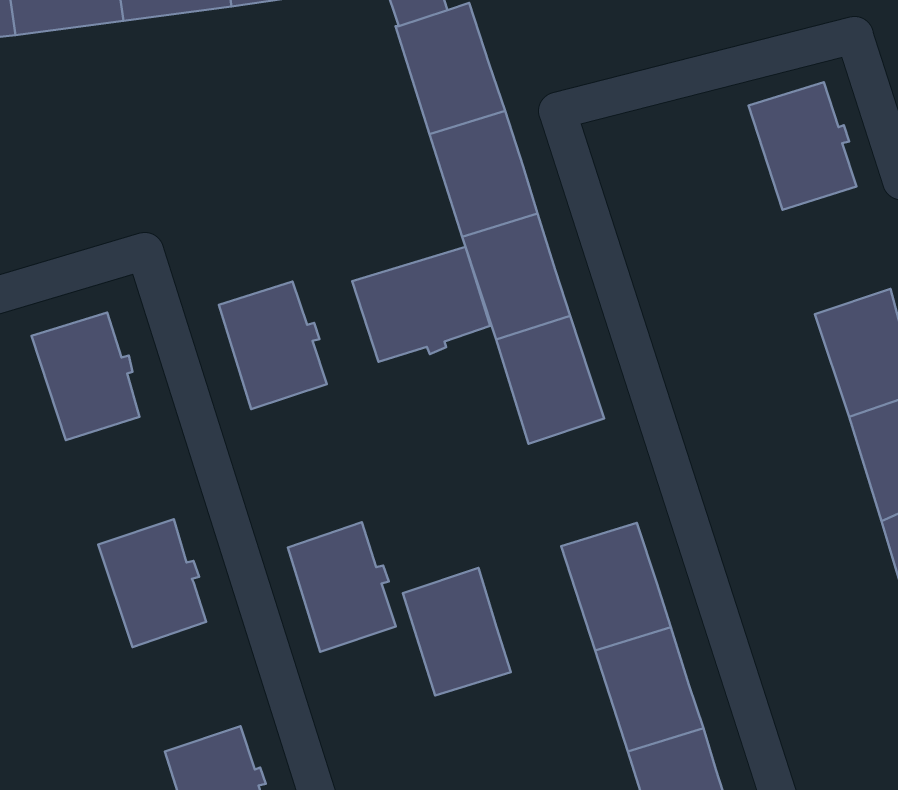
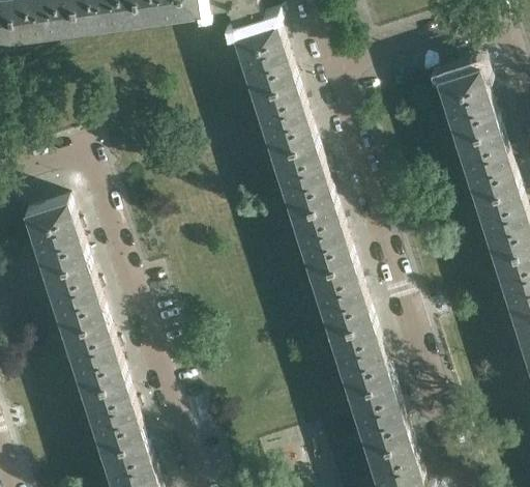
building: none -> [454,130,517,203]
building: [352,247,490,362] -> none
building: [219,282,327,409] -> [42,262,105,336]
building: [288,522,396,652] -> [81,380,143,455]
building: [403,568,511,696] -> [308,263,371,337]

